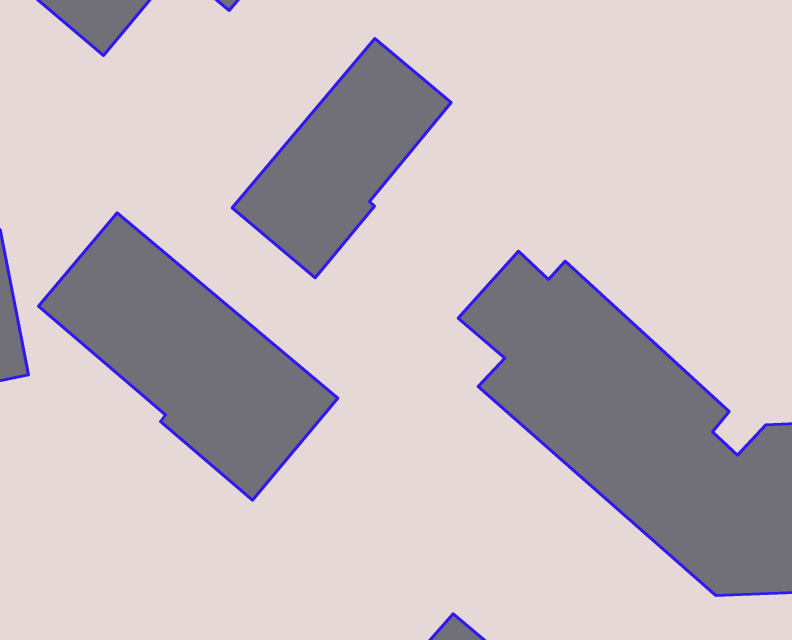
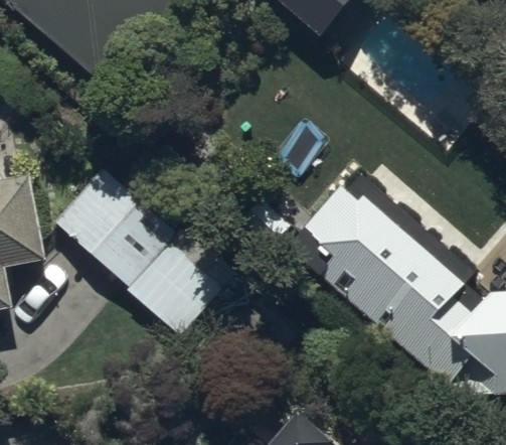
building: [232,38,451,278] -> none

